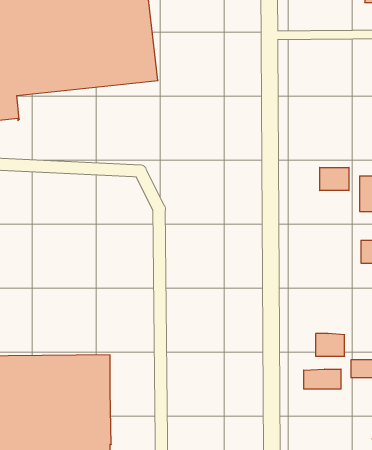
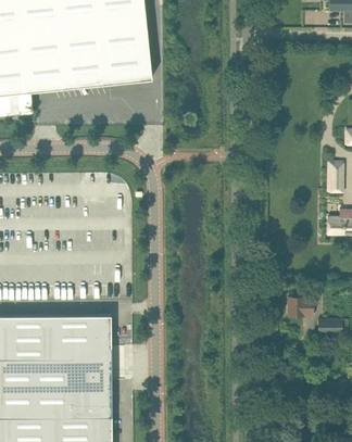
building: [320,167,349,191] -> none
building: [304,369,341,389] -> none

